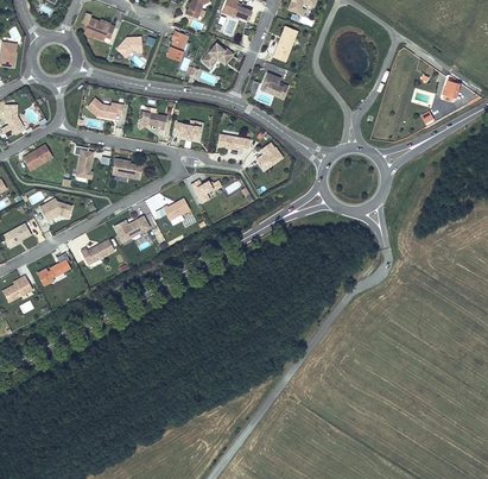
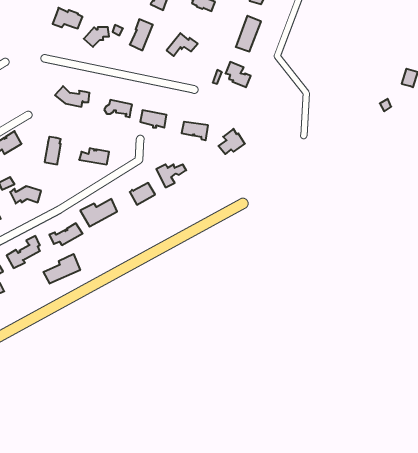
building: none -> [43,254,80,284]

